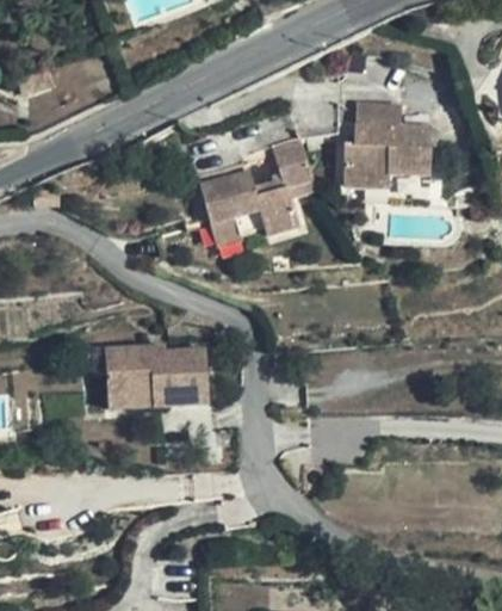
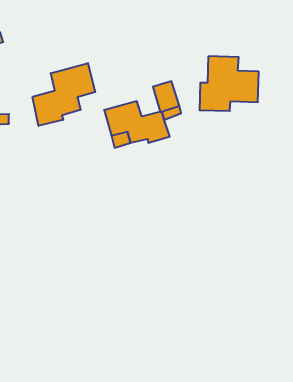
building: none -> [32,63,95,126]
building: [106,344,207,405] -> none

